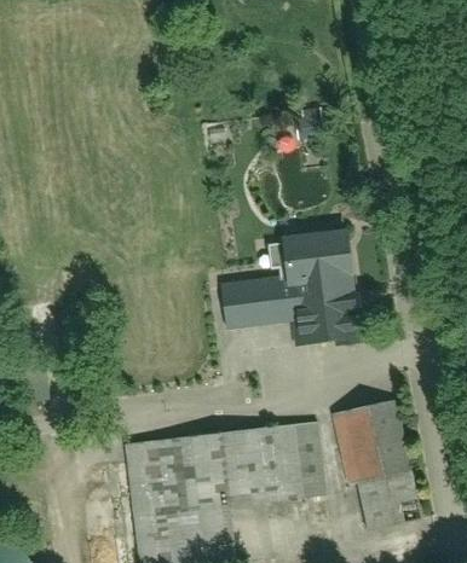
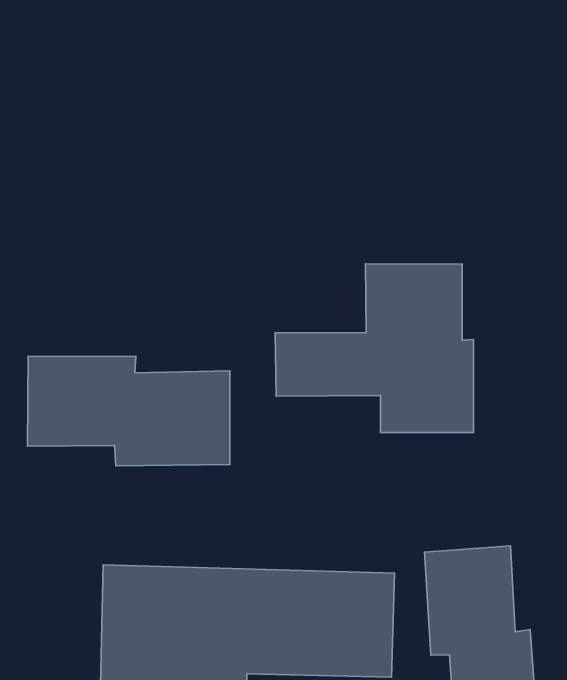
building: none -> [27,356,230,466]

